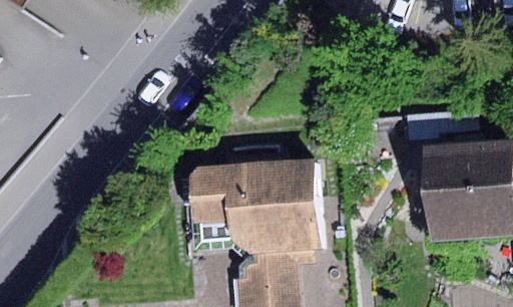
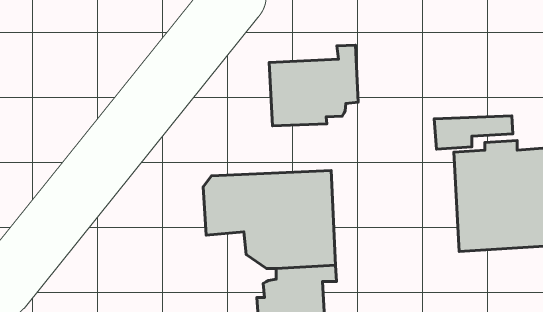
building: none -> [269,45,358,126]

